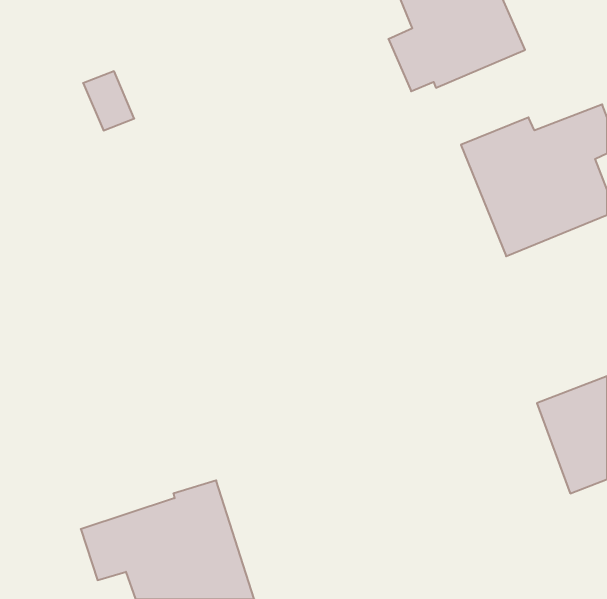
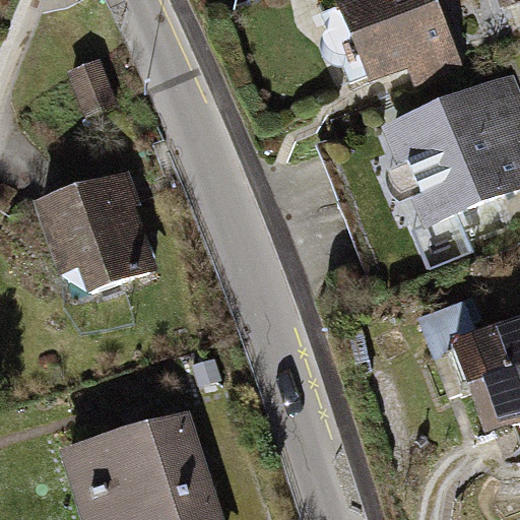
building: none -> [41,177,150,288]

